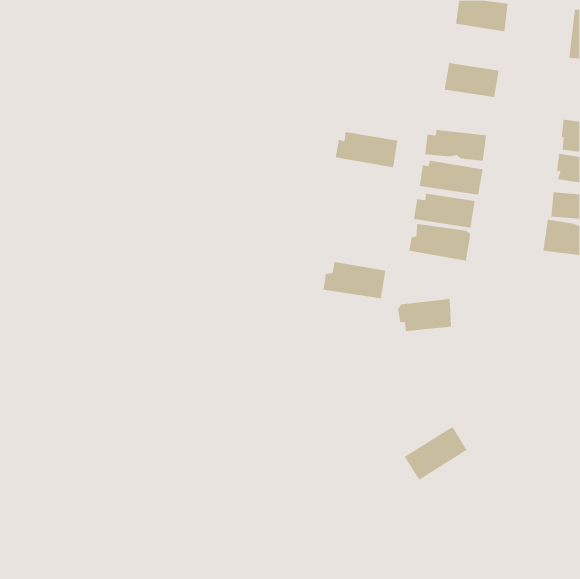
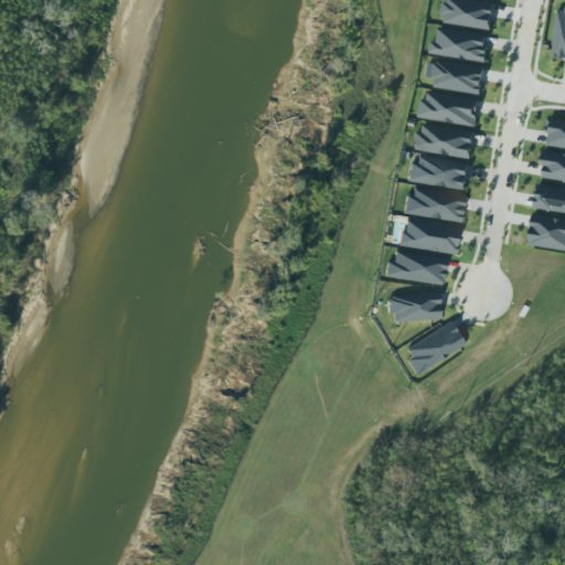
building: none -> [429,29,489,64]
building: [335,131,398,168] -> [418,93,480,128]
building: [323,261,386,299] -> [384,249,446,286]
building: [404,426,468,481] -> [402,323,463,376]

